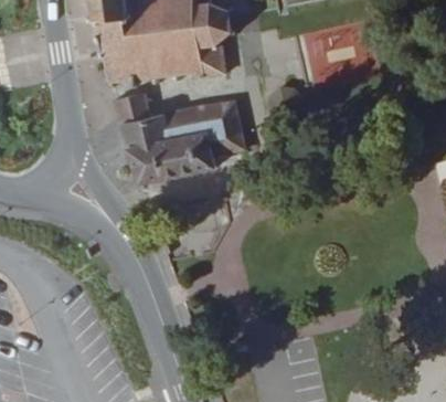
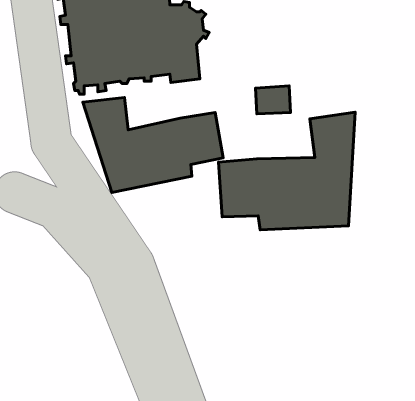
building: [312,20,381,74] -> none
building: none -> [219,112,355,230]

